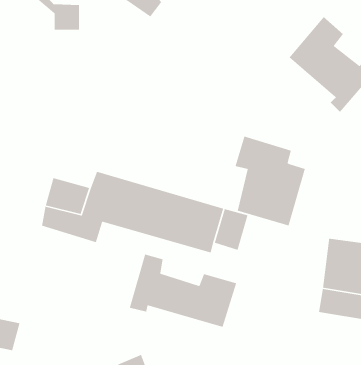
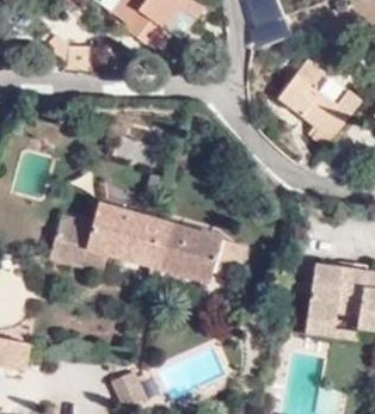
building: [234,135,306,227] -> none
building: [129,254,237,328] -> none

